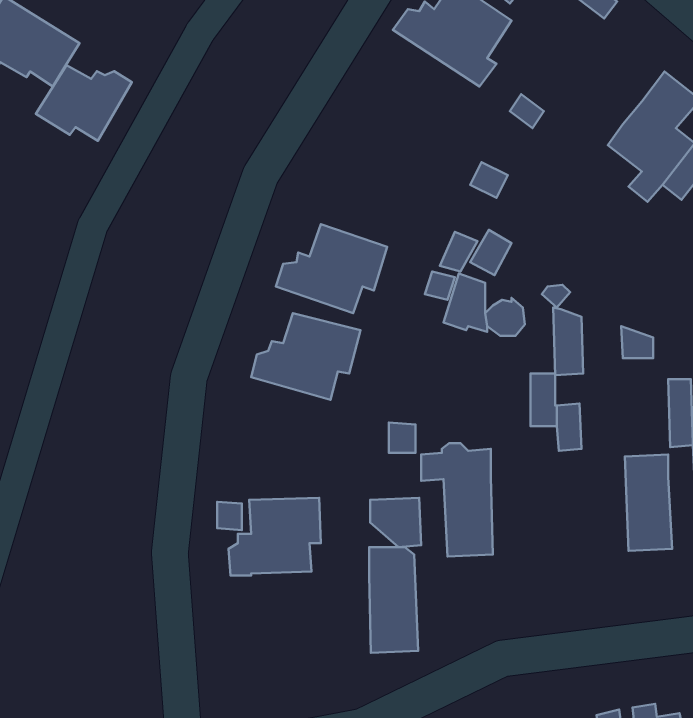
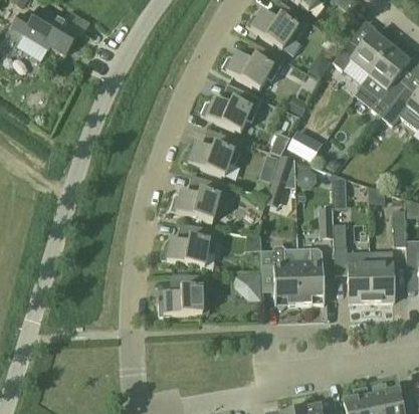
building: none -> [334,33,391,75]
building: none -> [222,40,284,89]
building: [36,65,132,141] -> none
building: none -> [201,83,262,133]
building: none -> [162,223,217,267]
building: none -> [348,252,372,303]
building: [369,547,418,653] -> [298,248,325,304]

